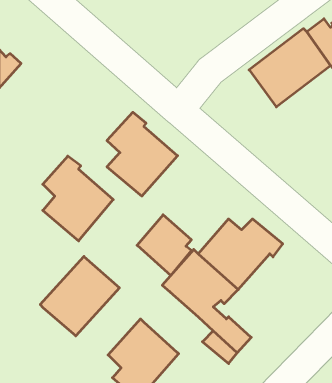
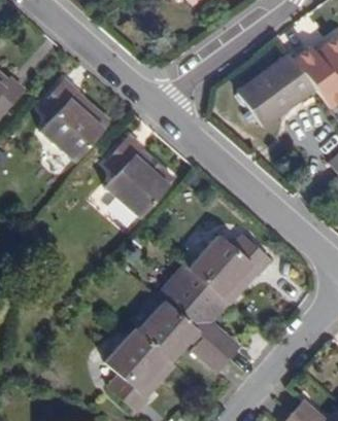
building: [43,156,113,241] -> [42,80,109,161]
building: [137,215,191,276] -> [139,304,191,361]
building: [40,256,119,336] -> none

